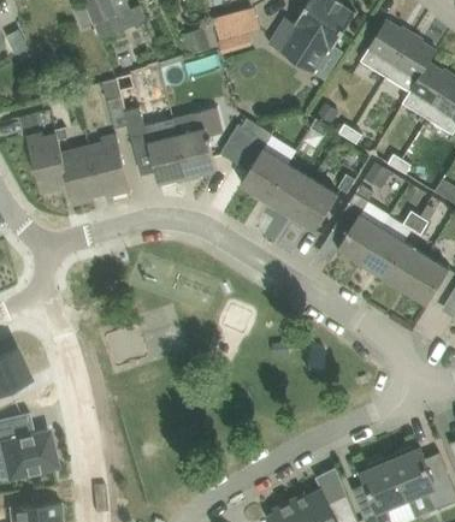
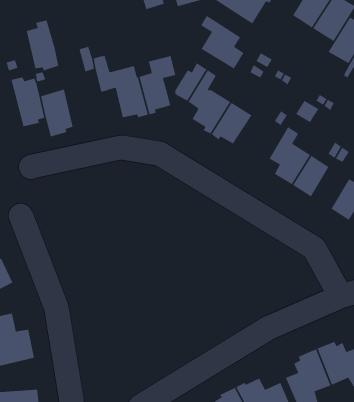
building: none -> [200,15,245,70]
building: [90,135,130,196] -> [26,19,59,71]
building: [288,179,337,230] -> none
building: [383,241,427,290] -> none

